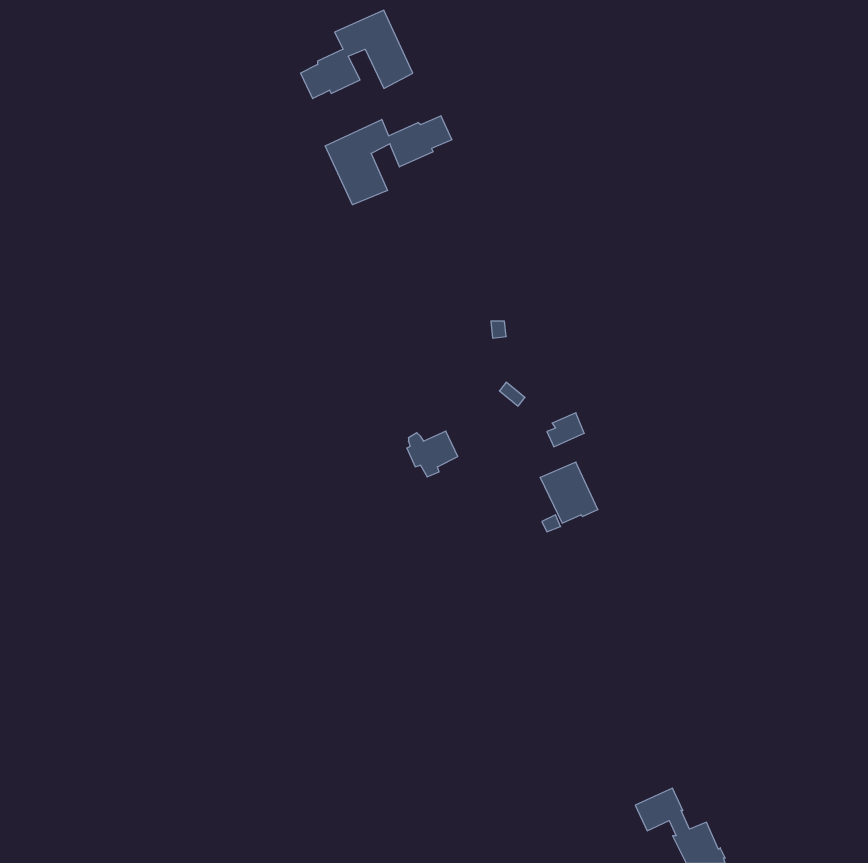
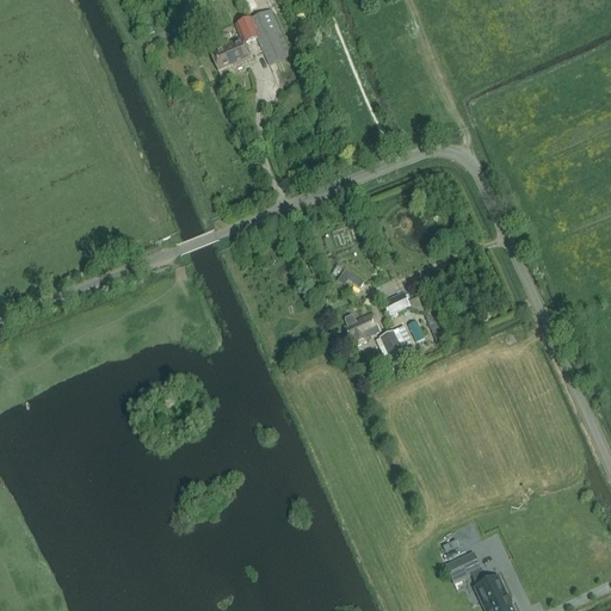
building: [325,116,452,205] -> none
building: [407,431,458,477] -> [344,311,379,344]

